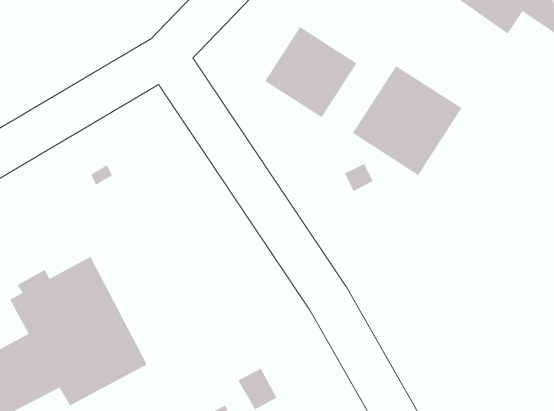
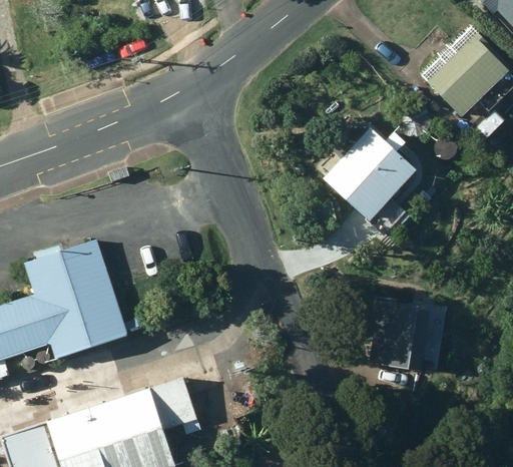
building: [264,26,357,118] -> none
building: none -> [364,303,422,371]

